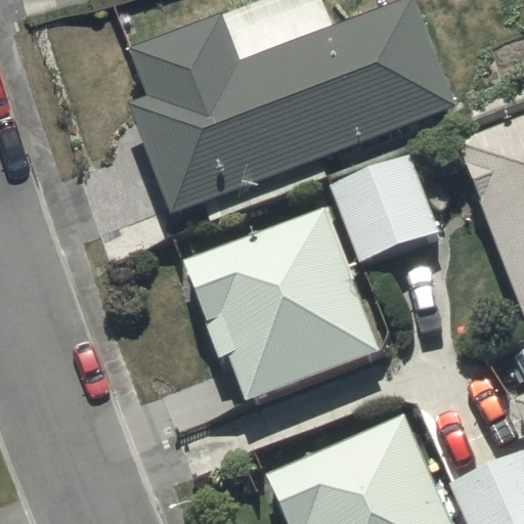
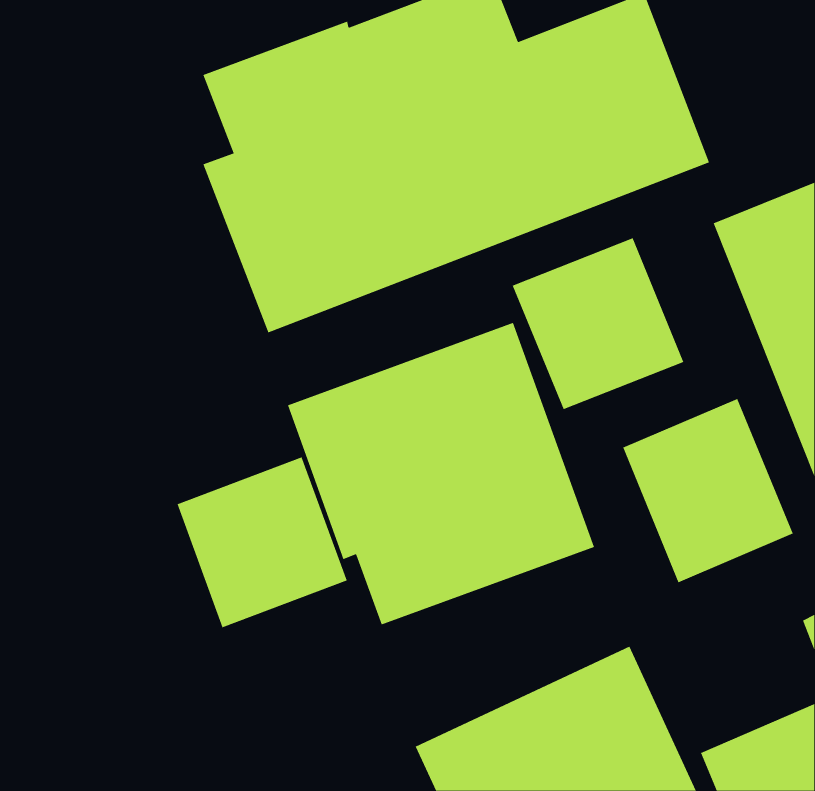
building: none -> [623,398,793,583]
building: none -> [177,456,347,628]

